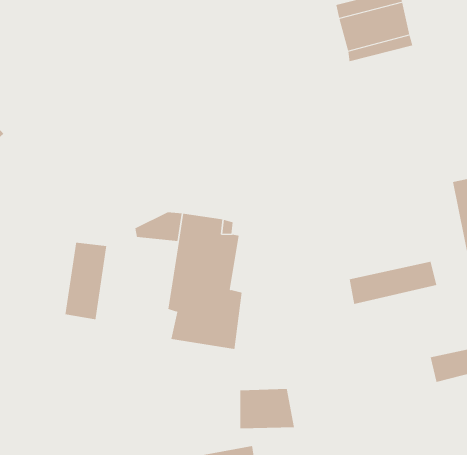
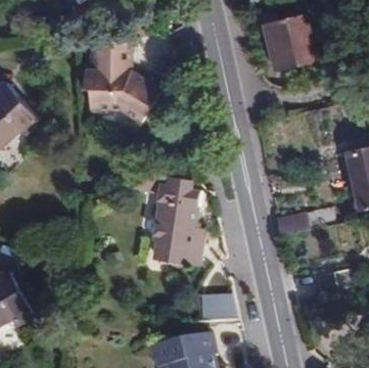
building: none -> [81,39,158,121]
building: [65,242,107,320] -> none

